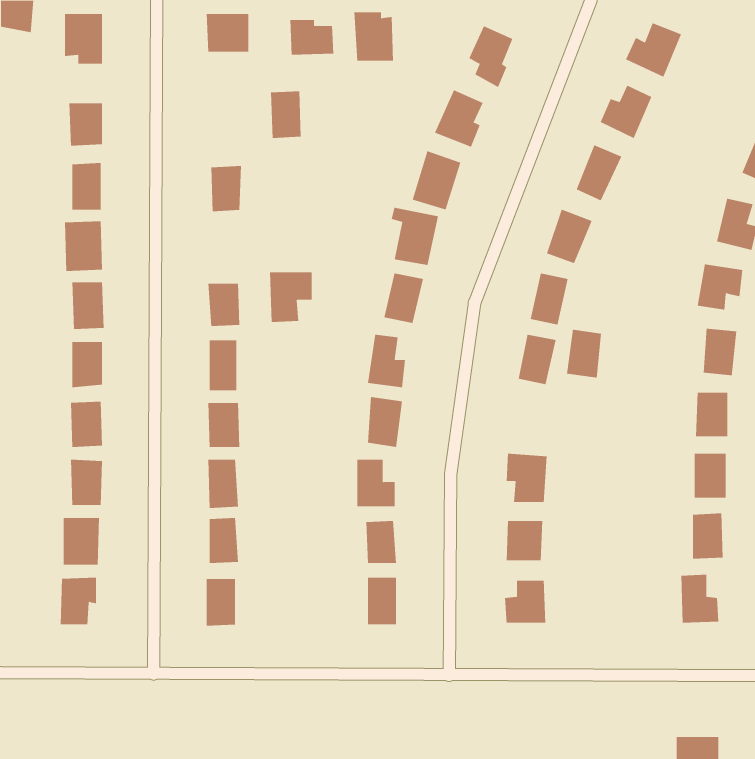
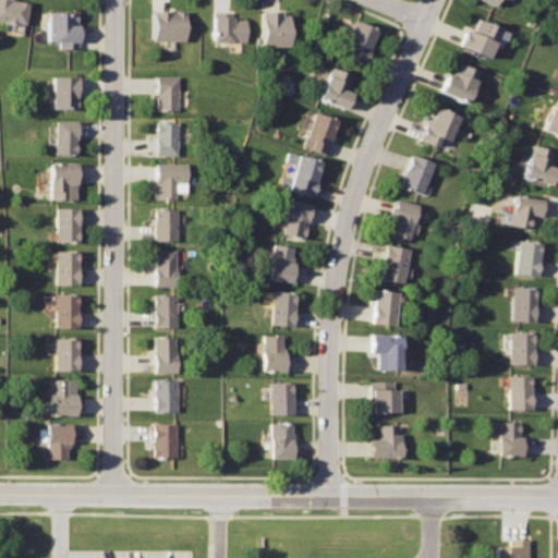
building: [270,91,302,138] -> [160,76,183,111]
building: [269,272,313,323] -> [159,163,191,201]
building: [566,329,602,378] -> [376,291,402,327]

